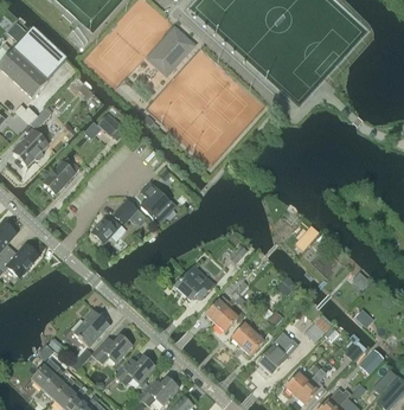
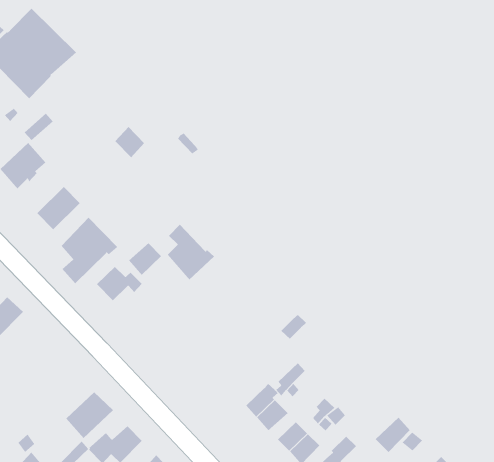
building: [155,27,194,66] -> none
building: none -> [61,217,118,284]
building: [175,267,213,300] -> none

